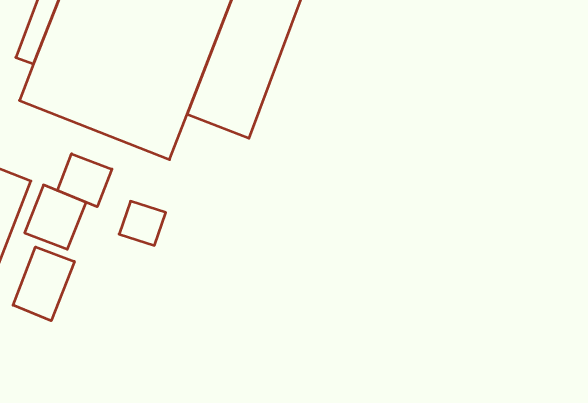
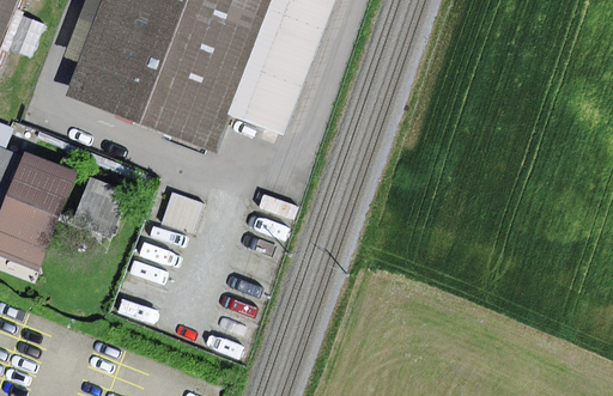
building: [57,154,112,207] -> none
building: [13,247,74,321] -> none

